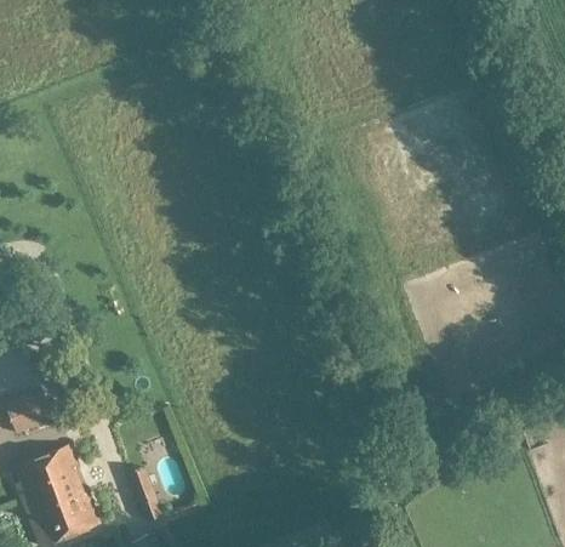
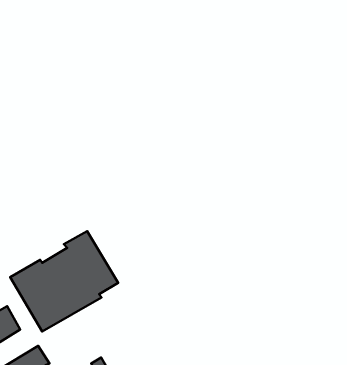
building: none -> [10,231,118,331]

